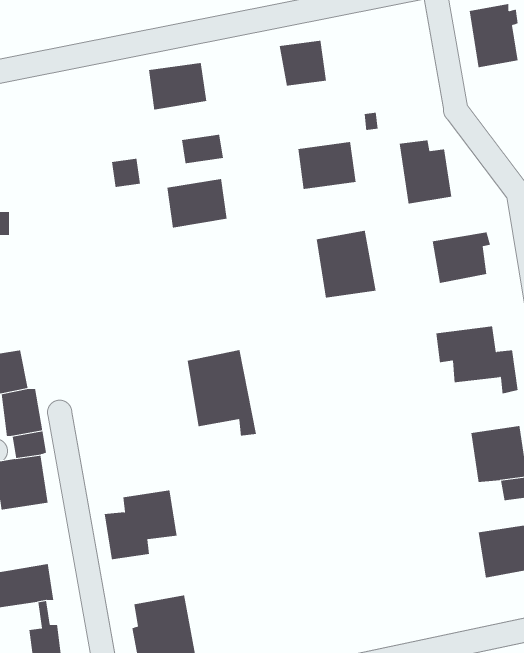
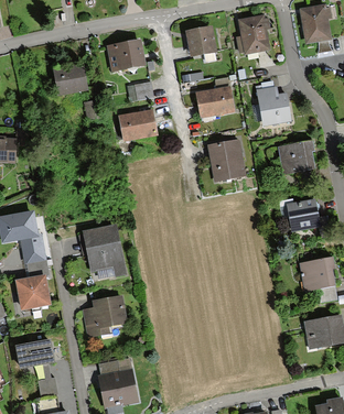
building: none -> [236,14,269,53]
building: none -> [54,64,85,92]
building: [187,350,257,436] -> [83,225,125,276]

